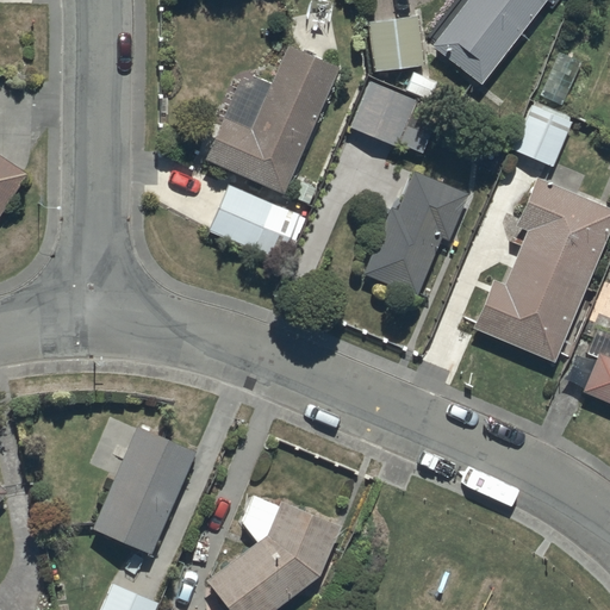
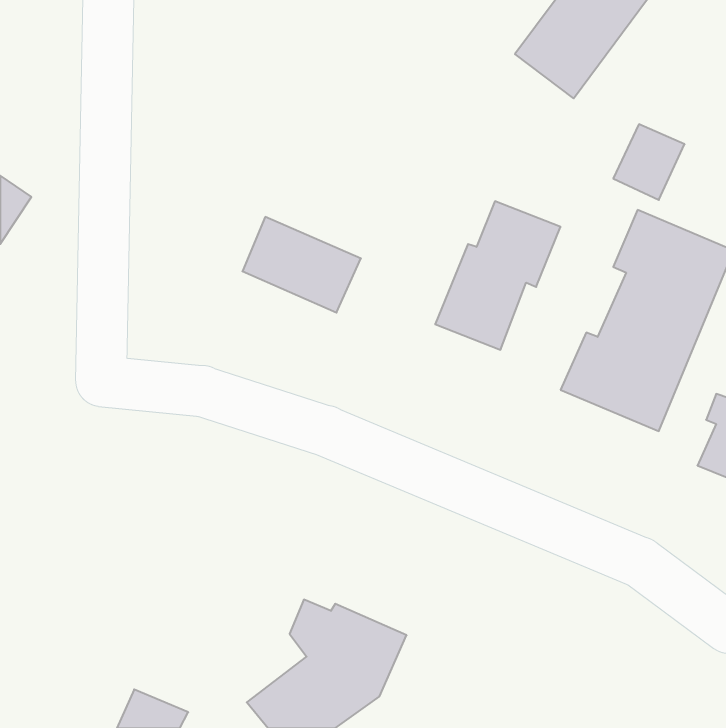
building: [371,15,425,68] -> none
building: [206,45,340,194] -> none
building: [353,81,434,150] -> none
building: [94,432,195,558] -> none

